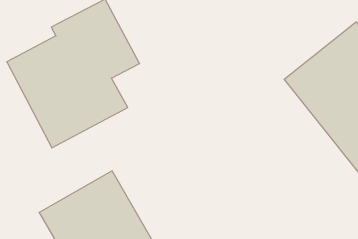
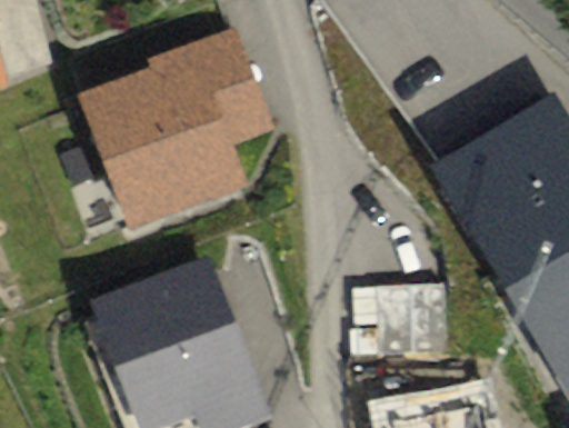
building: none -> [379,283,458,356]

